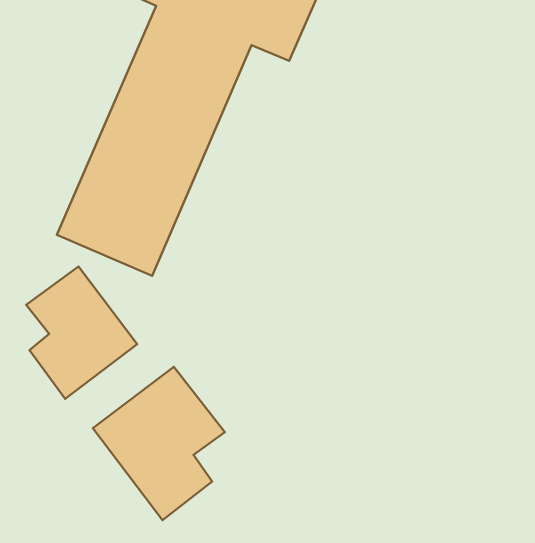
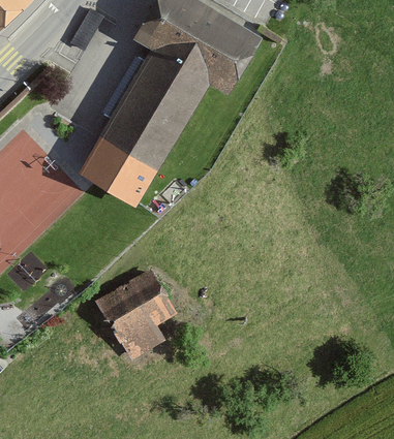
building: [26,266,137,399] -> none

